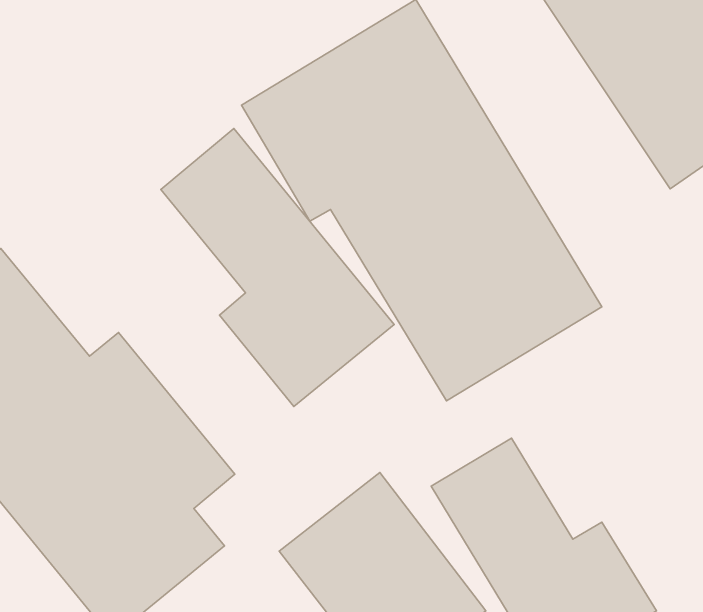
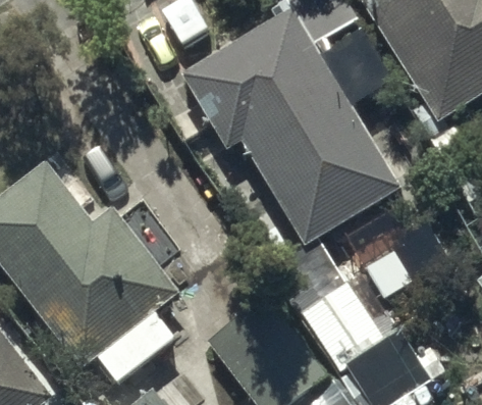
building: [161,129,394,407] -> none

